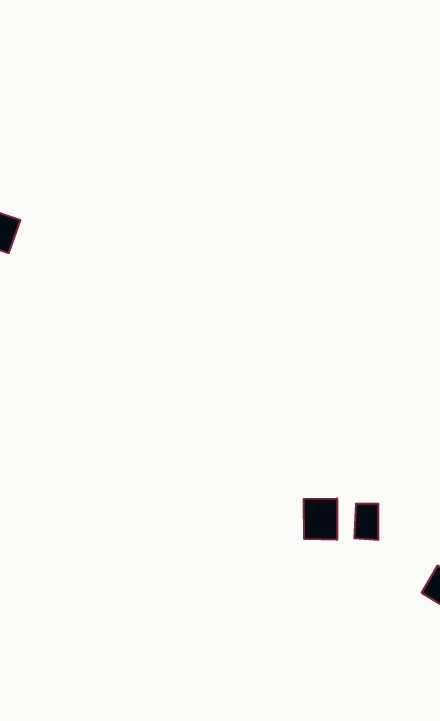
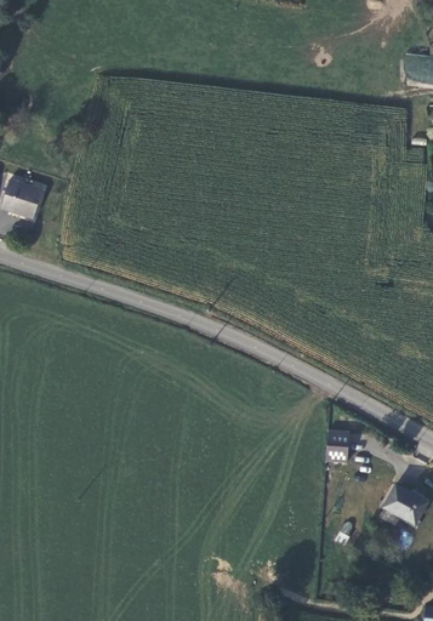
building: [304,498,337,540] -> none

